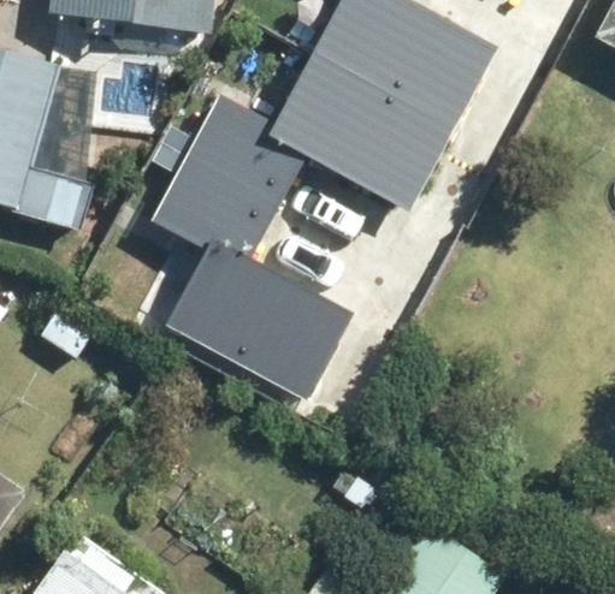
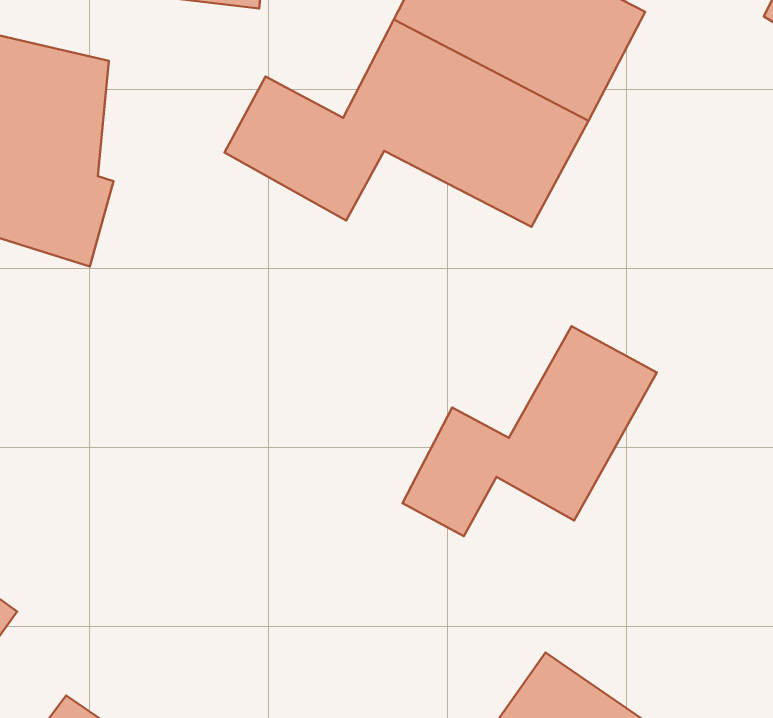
building: [149,148,349,385] -> none
building: none -> [403,326,657,536]

